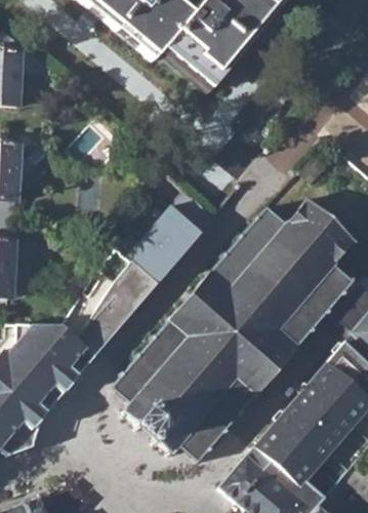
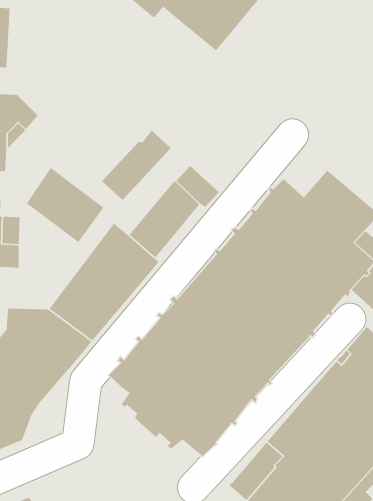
building: none -> [101,130,172,201]
building: none -> [26,167,105,243]

